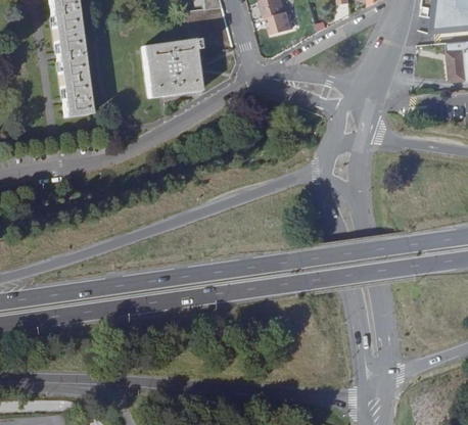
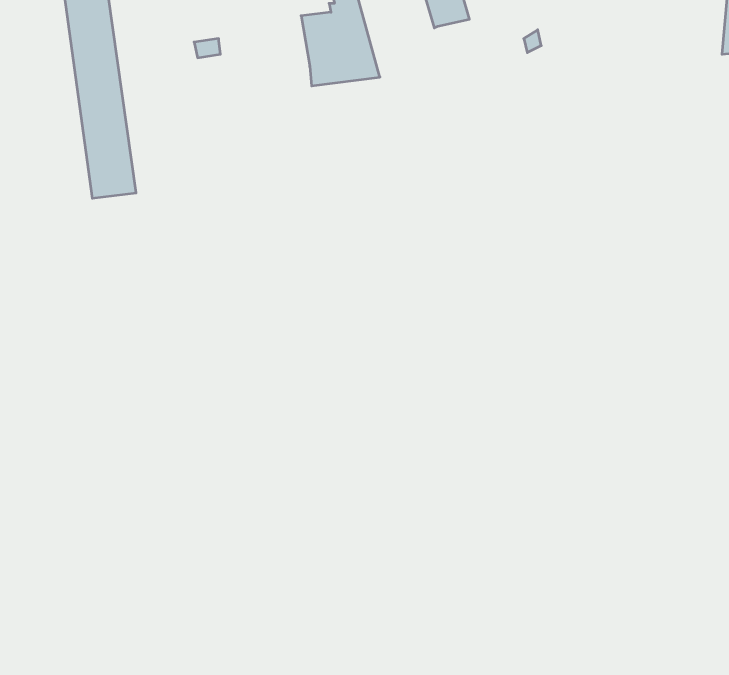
building: [267,11,292,34] -> none
building: [142,40,199,96] -> none

